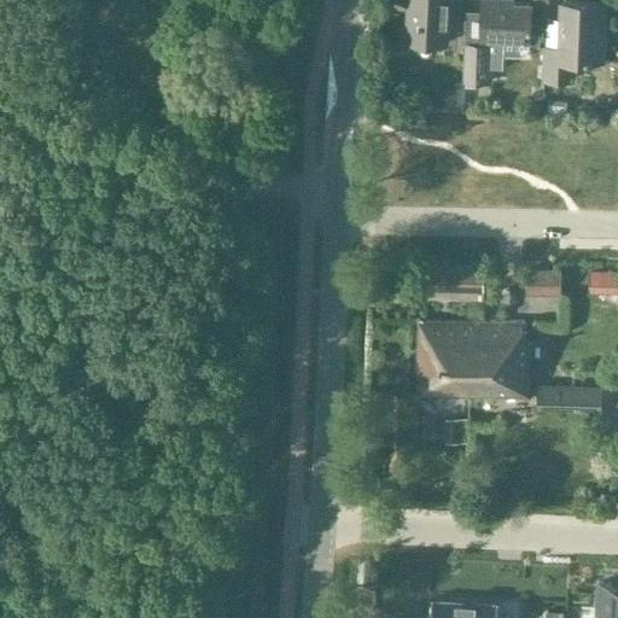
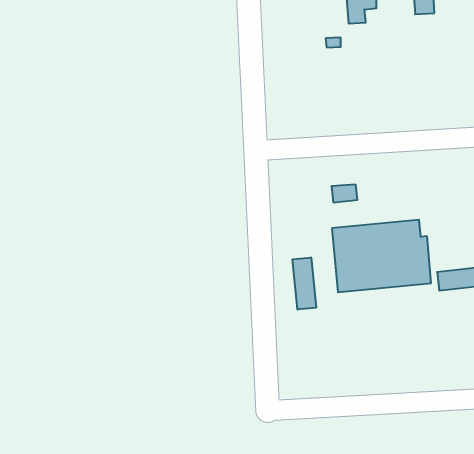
building: [526,269,562,298] -> none
building: none -> [293,257,316,310]

